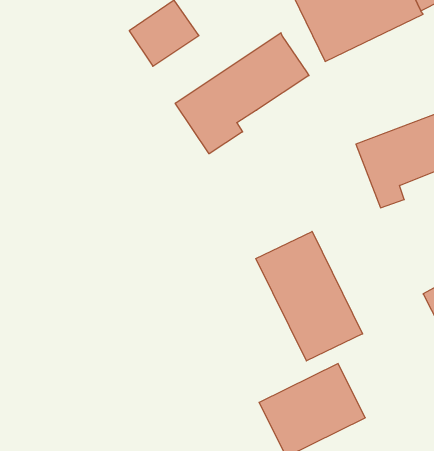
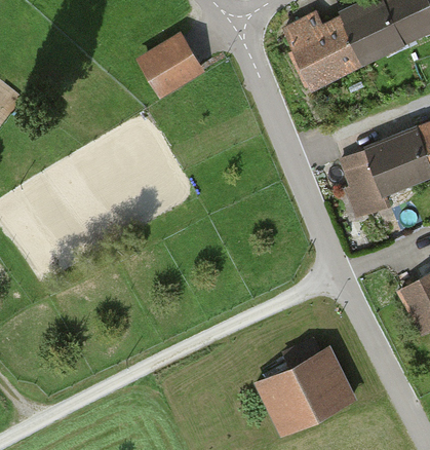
building: [175,33,309,154] -> none
building: [256,231,363,361] -> none

